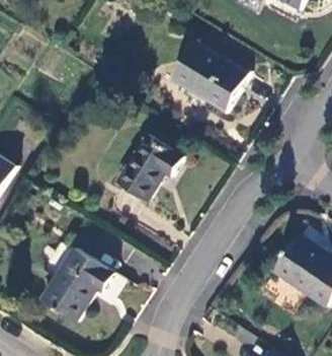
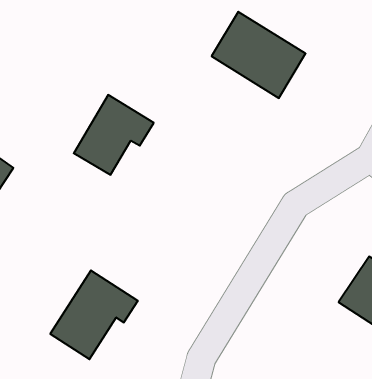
building: [119,136,183,200] -> [74,95,154,175]

